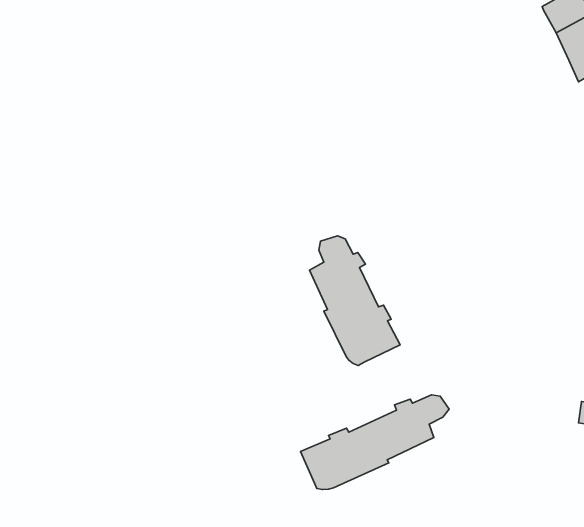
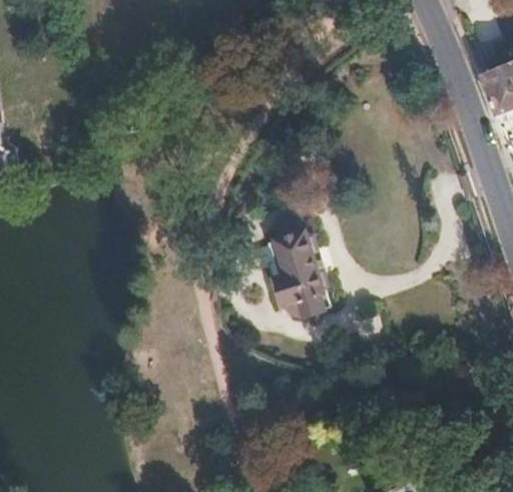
building: [301,395,449,490] -> none

